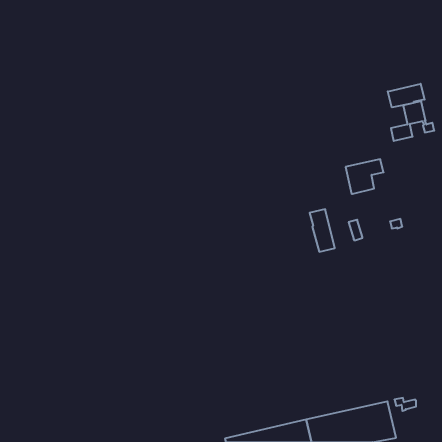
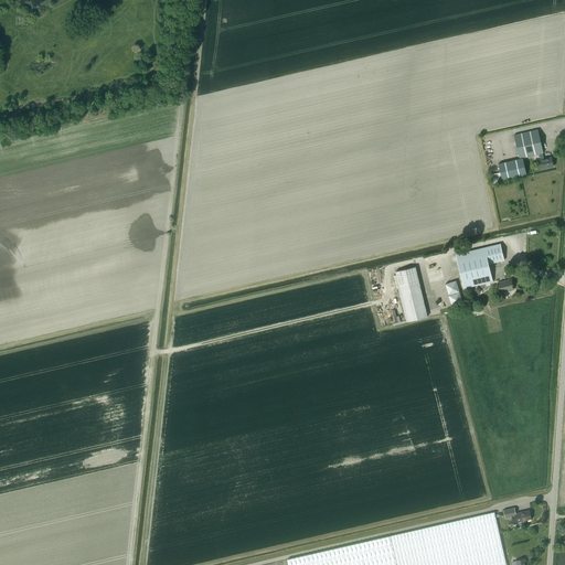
building: [388,84,425,107] -> none
building: [346,159,384,194] -> [456,244,504,288]

